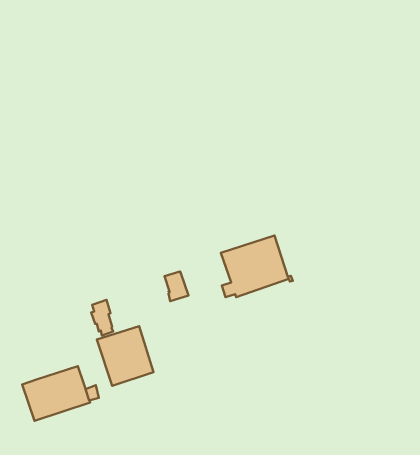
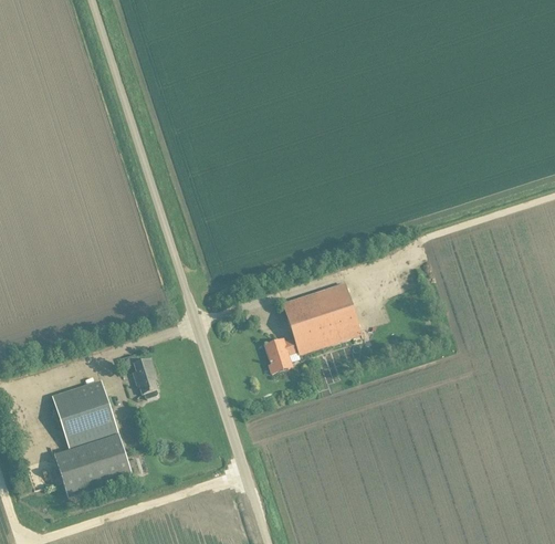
building: [165,271,189,301] -> [264,337,292,372]
building: [97,326,153,386] -> [52,379,117,448]

